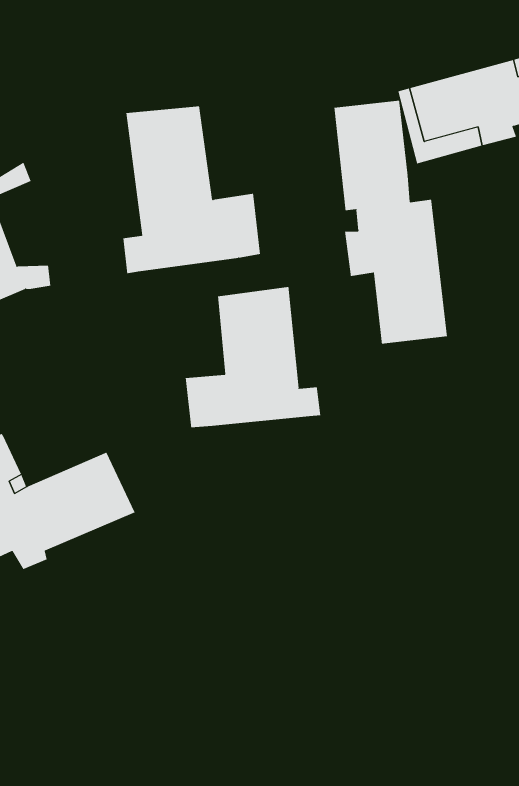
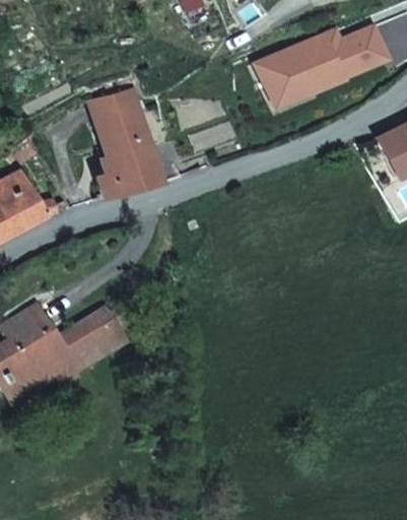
building: [334,100,447,345] -> none
building: [185,286,321,428] -> none

